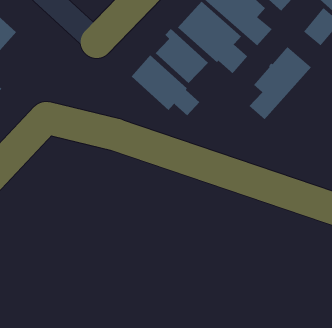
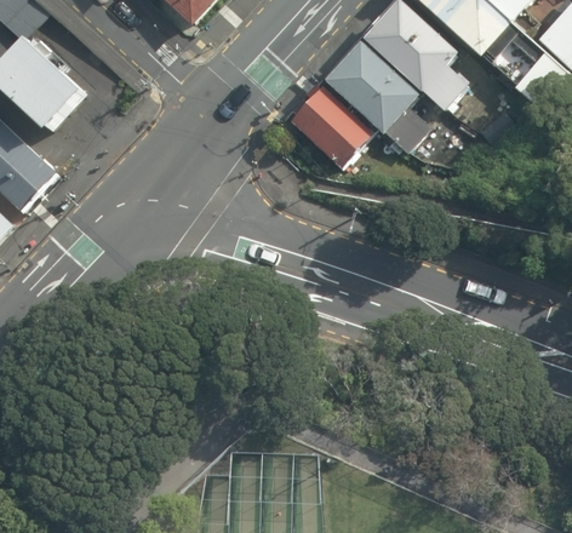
building: [249,46,312,120] -> none
building: [131,55,200,116] -> none

